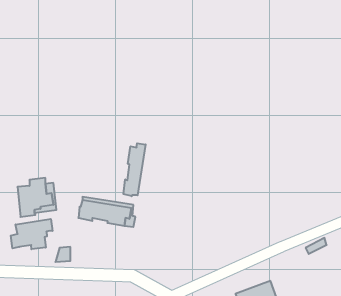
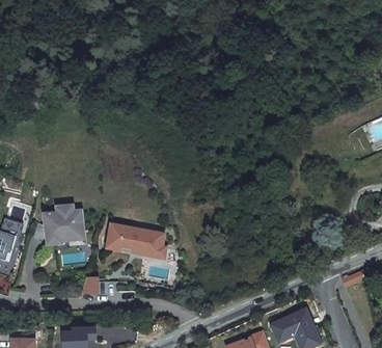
building: [123,143,146,196] -> none
building: [11,219,52,249] -> none

